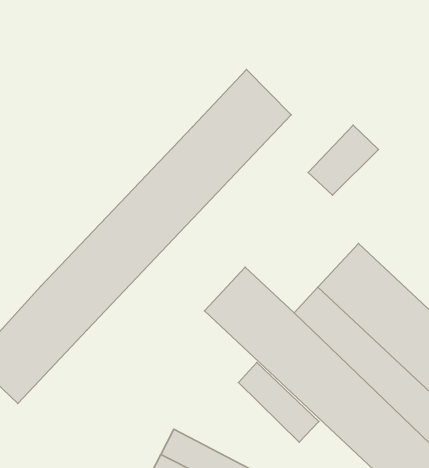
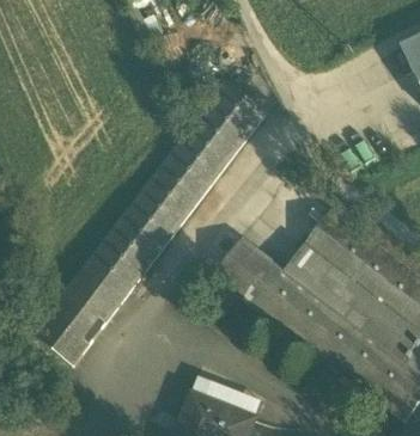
building: [308,125,379,195] -> none
building: [238,363,319,442] -> none

